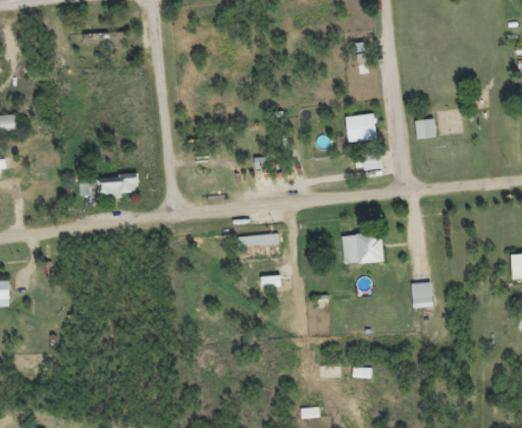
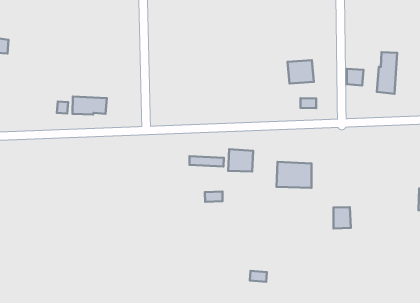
building: none -> [377,52,397,94]
building: none -> [228,149,253,171]

